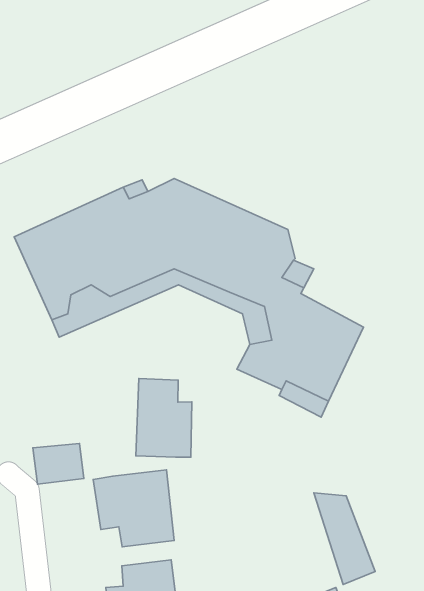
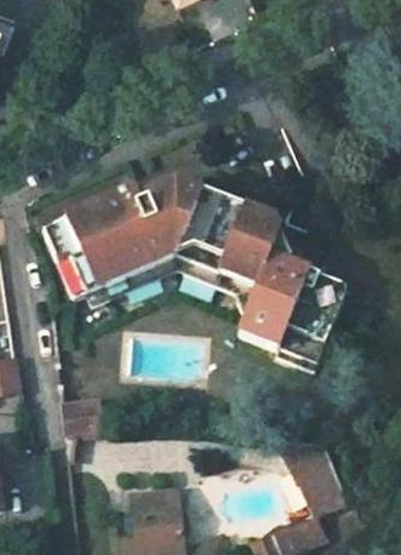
building: [136,379,192,457] -> none
building: [93,470,174,547] -> none

